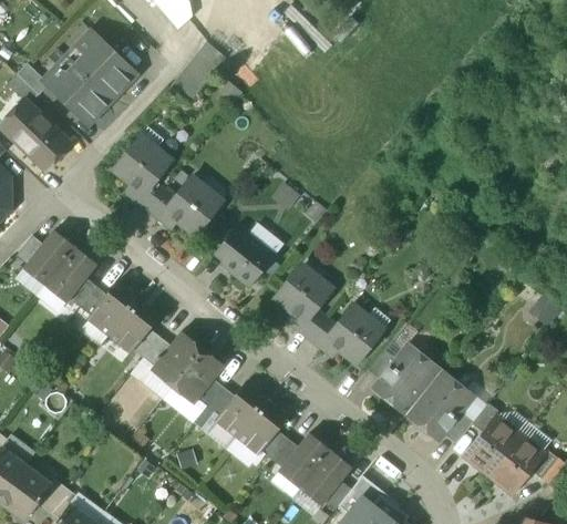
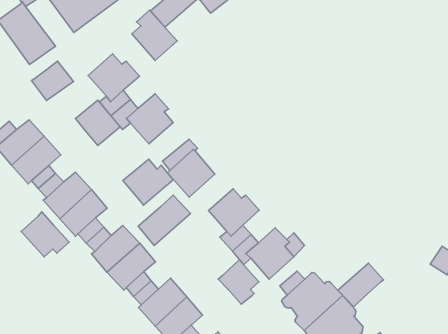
building: none -> [132,10,177,60]
building: none -> [32,61,73,101]
building: none -> [76,100,120,145]
building: none -> [123,159,173,205]
building: none -> [138,195,190,245]
building: none -> [338,263,384,307]
building: none -> [21,212,69,257]
building: none -> [218,260,259,304]

